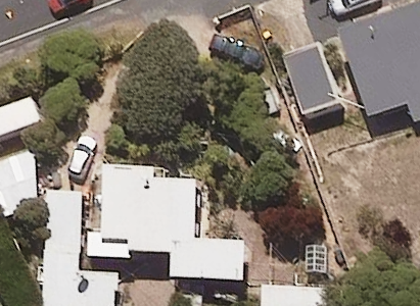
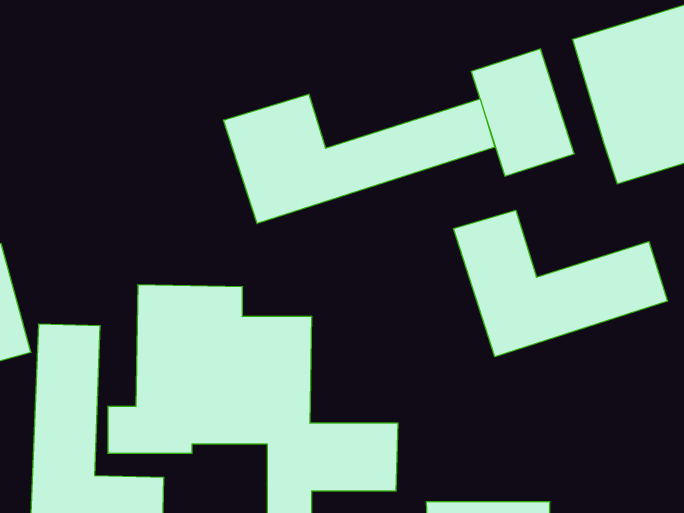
building: none -> [224,94,495,224]
building: none -> [454,210,668,357]

